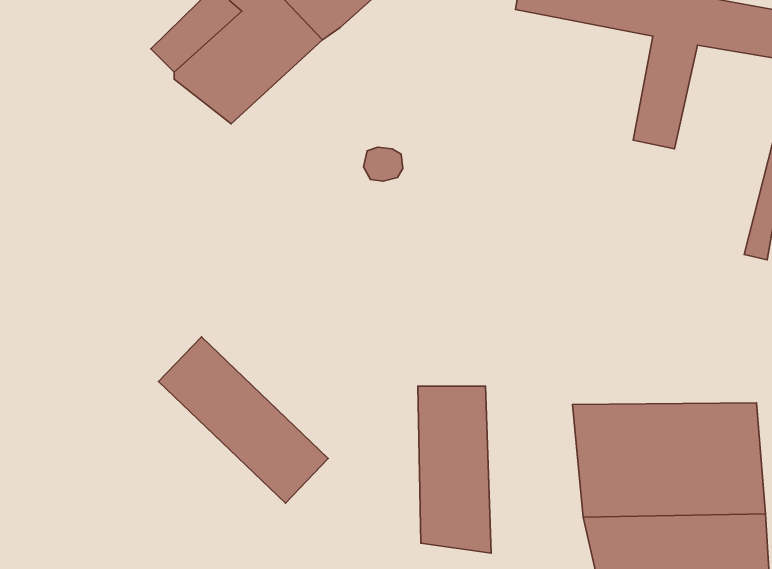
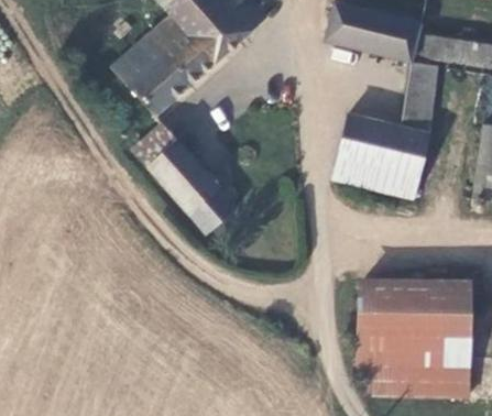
building: none -> [332,113,426,193]
building: [159,337,328,503] -> [138,128,242,230]
building: [418,386,491,553] -> none

